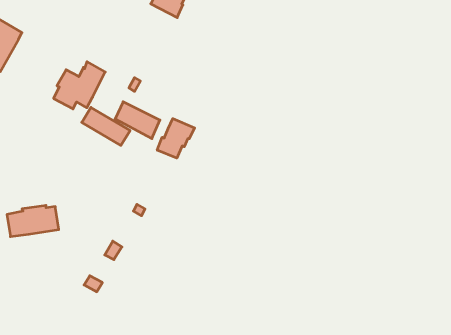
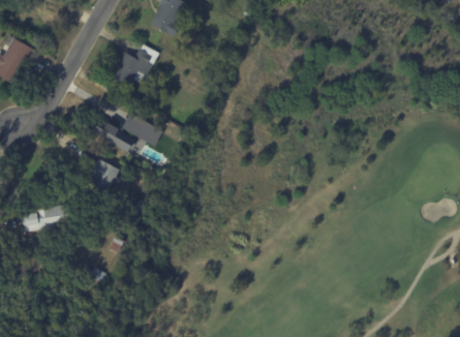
building: [54,62,105,109] -> [112,42,158,85]
building: [157,119,195,158] -> none
building: none -> [89,157,121,194]

